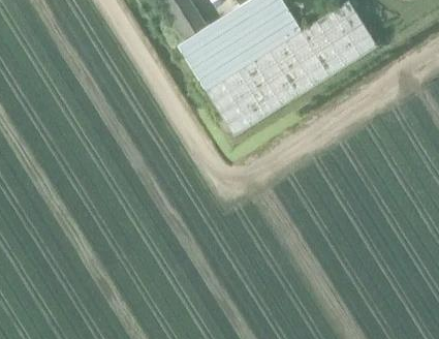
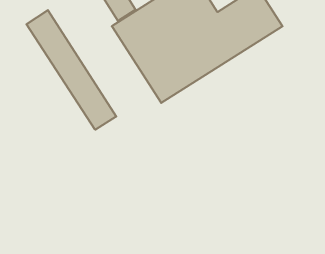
building: none -> [26,10,116,130]

